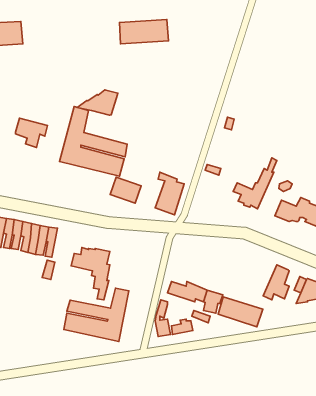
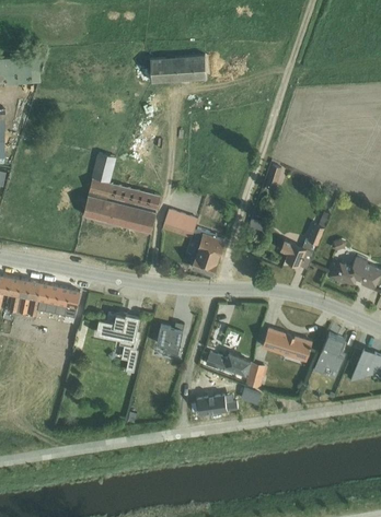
building: [77,90,118,115] -> none
building: [15,118,48,148] -> none
building: [110,177,141,203] -> [162,210,197,239]
building: none -> [155,324,184,356]
building: [64,288,129,342] -> none
building: [218,297,263,327] -> [262,328,312,362]

